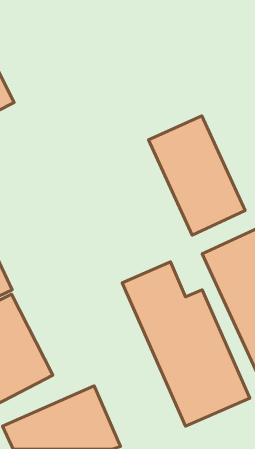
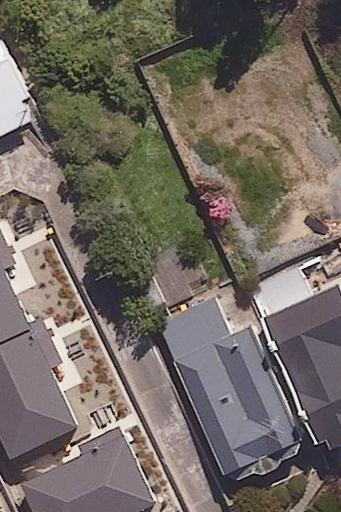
building: [148,116,245,235] -> none

